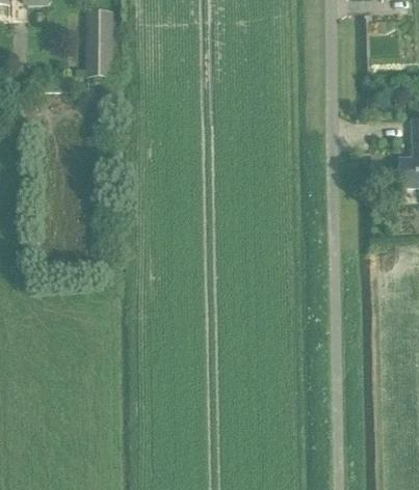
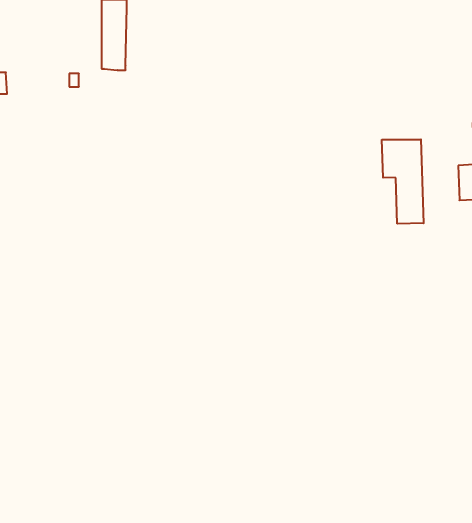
building: none -> [382,139,424,224]

